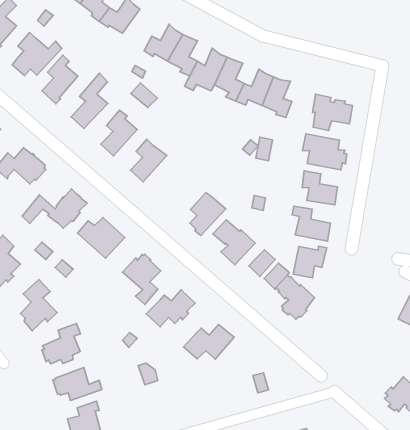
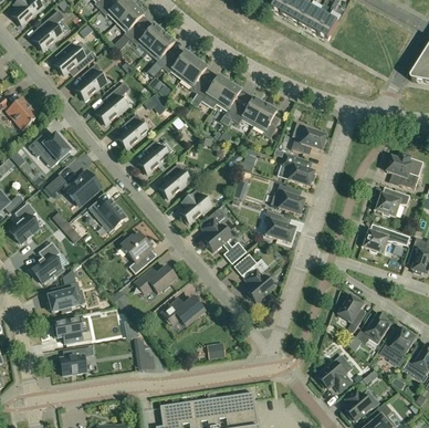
building: none -> [147,33,175,67]
building: none -> [159,163,190,198]
building: [293,246,327,278] -> none

